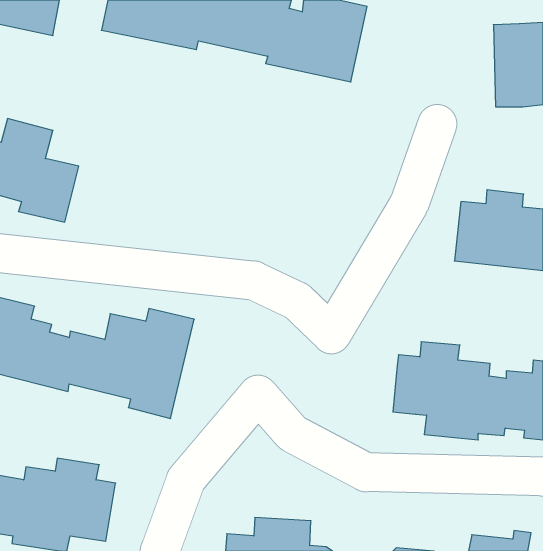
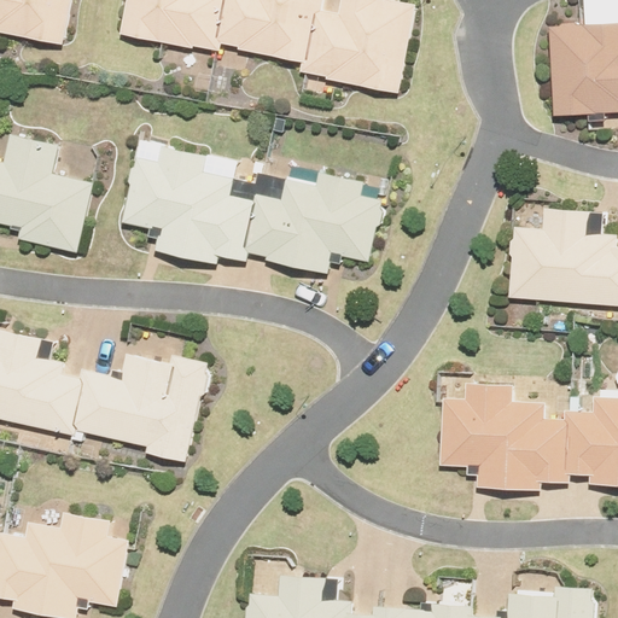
building: none -> [124,148,384,275]

